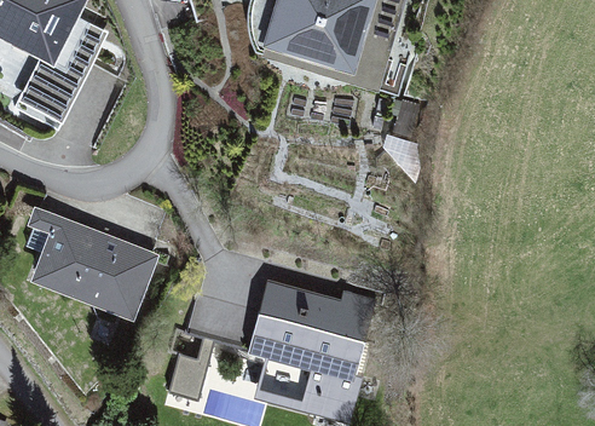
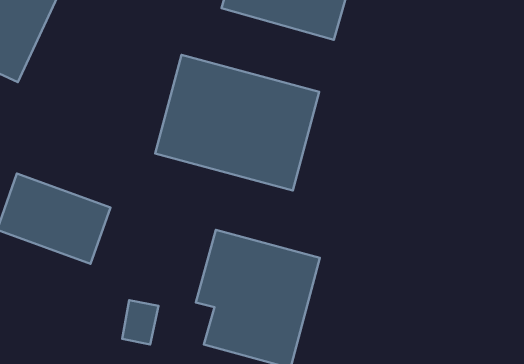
building: none -> [155,55,319,191]

